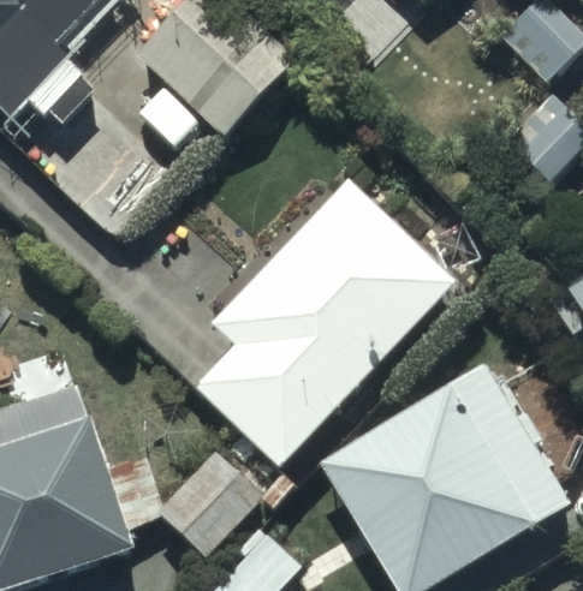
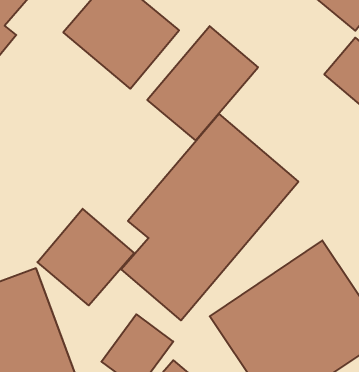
building: none -> [147,26,258,140]
building: none -> [37,209,134,305]

